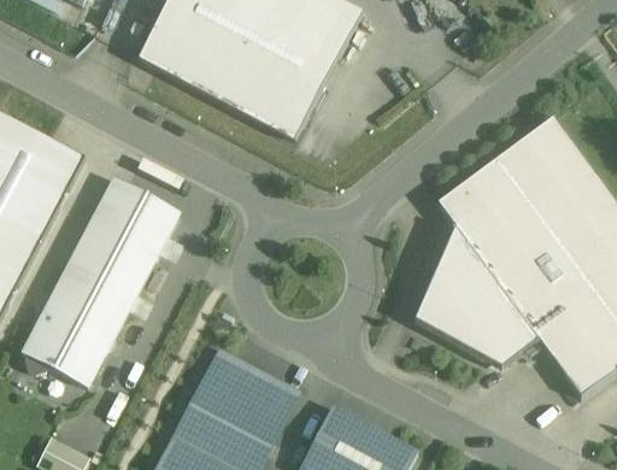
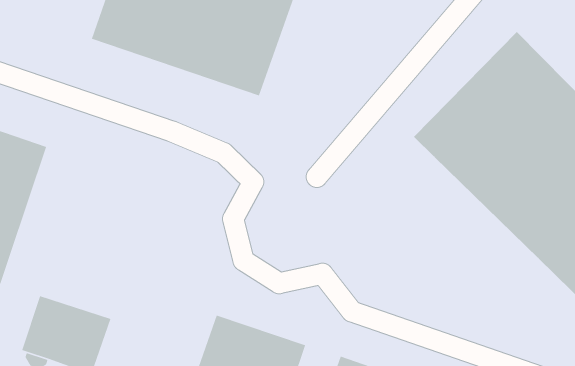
building: [49,176,182,333] -> none
building: [415,225,540,368] -> none

